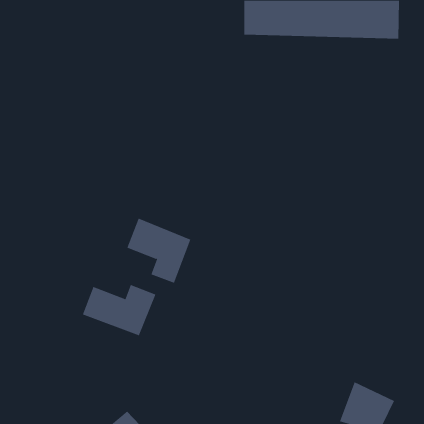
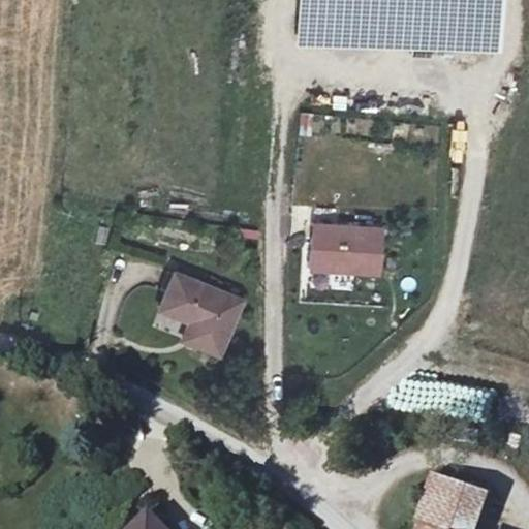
building: none -> [305,218,379,273]
building: [82,284,156,336] -> none

